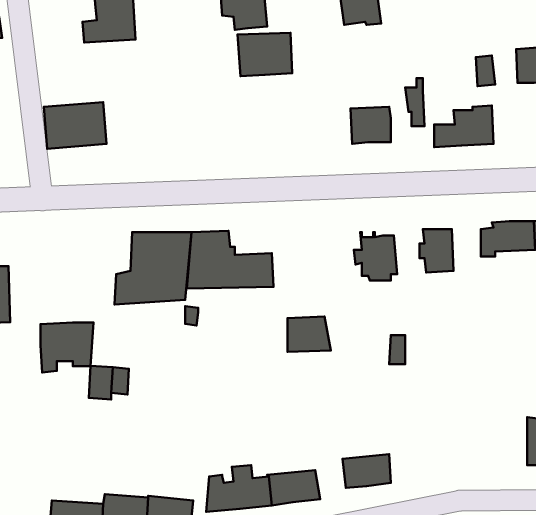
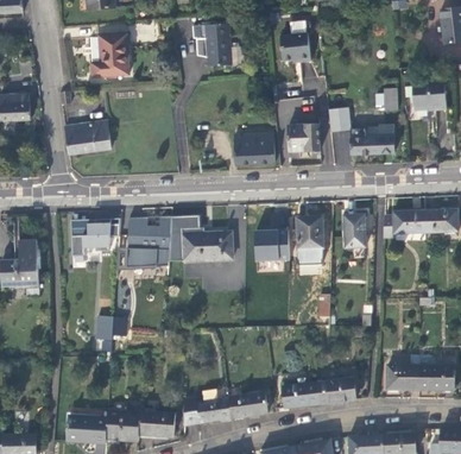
building: [237,33,292,76] -> [234,133,274,165]
building: [287,317,331,352] -> [250,226,282,252]
building: [41,323,94,372] -> [71,220,110,257]
building: none -> [389,354,421,390]
building: none -> [318,377,355,403]

